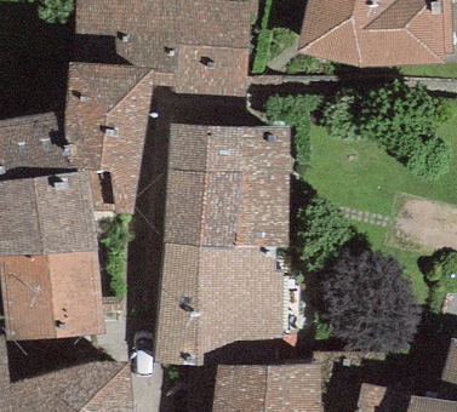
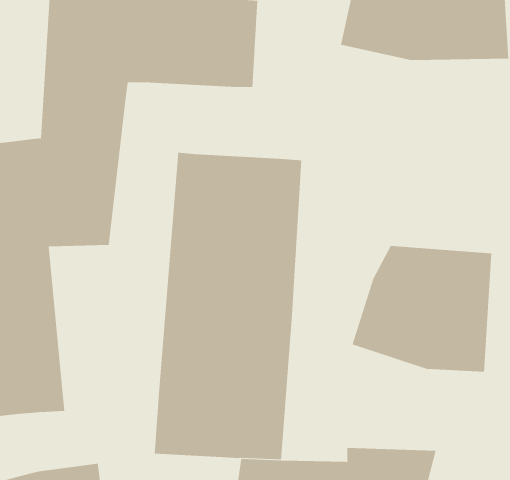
building: none -> [352,245,492,373]

